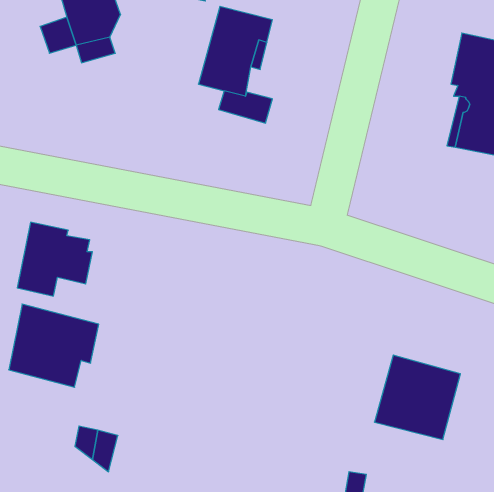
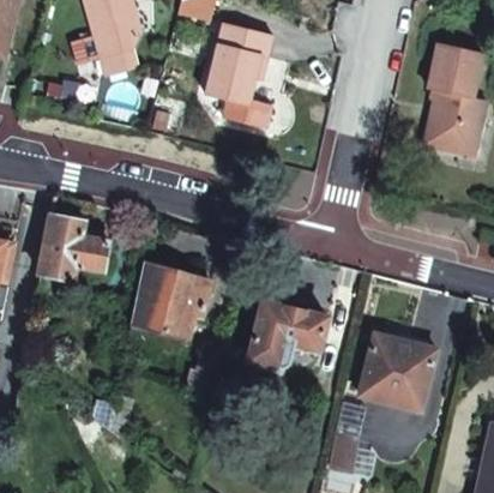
building: [9,304,99,387] -> [131,263,211,337]
building: none -> [249,300,329,367]

